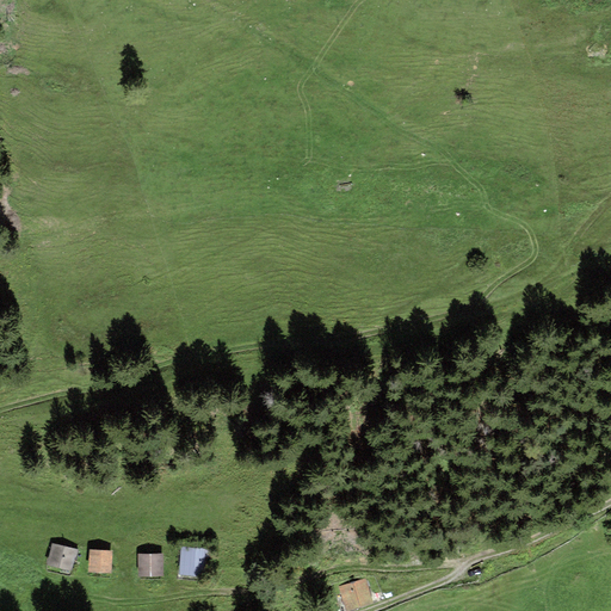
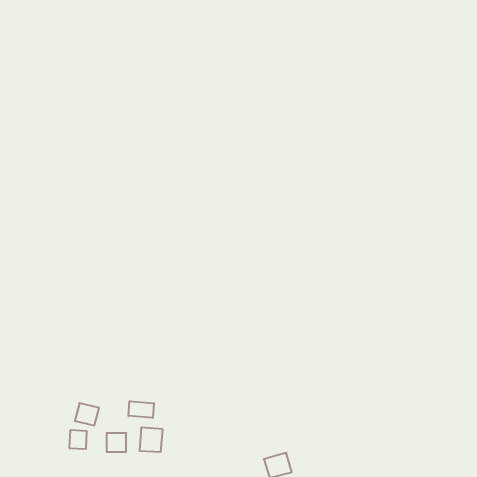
building: none -> [128,401,154,418]
building: [45,542,76,570] -> [75,403,99,426]

